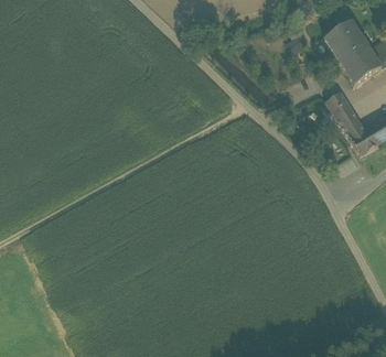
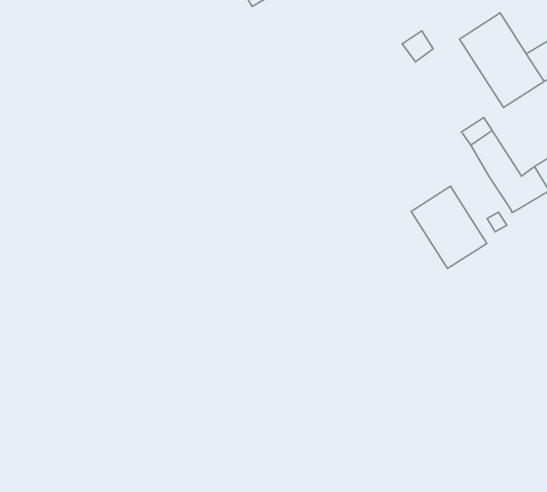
building: none -> [411,186,487,268]

